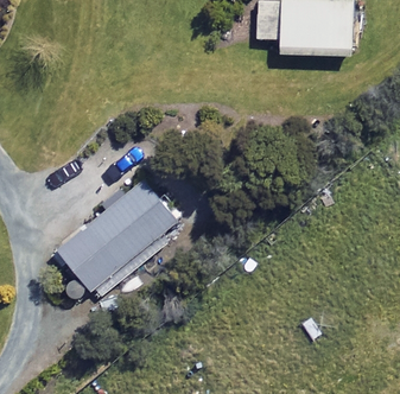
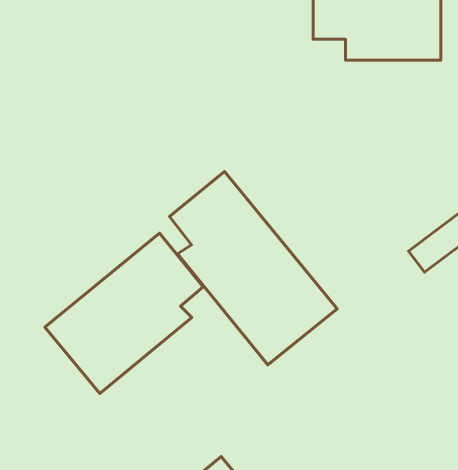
building: none -> [169,171,337,365]

